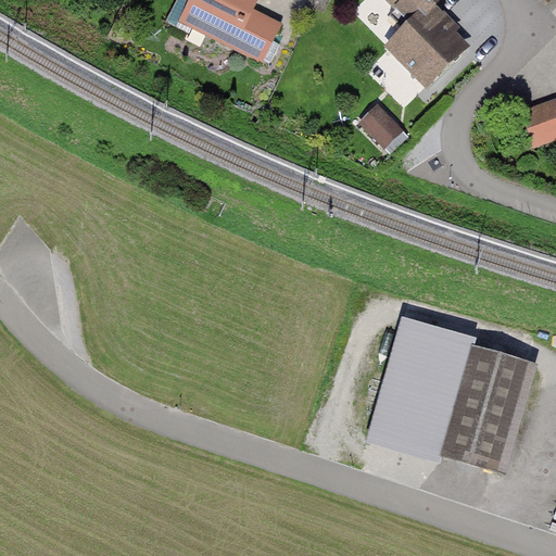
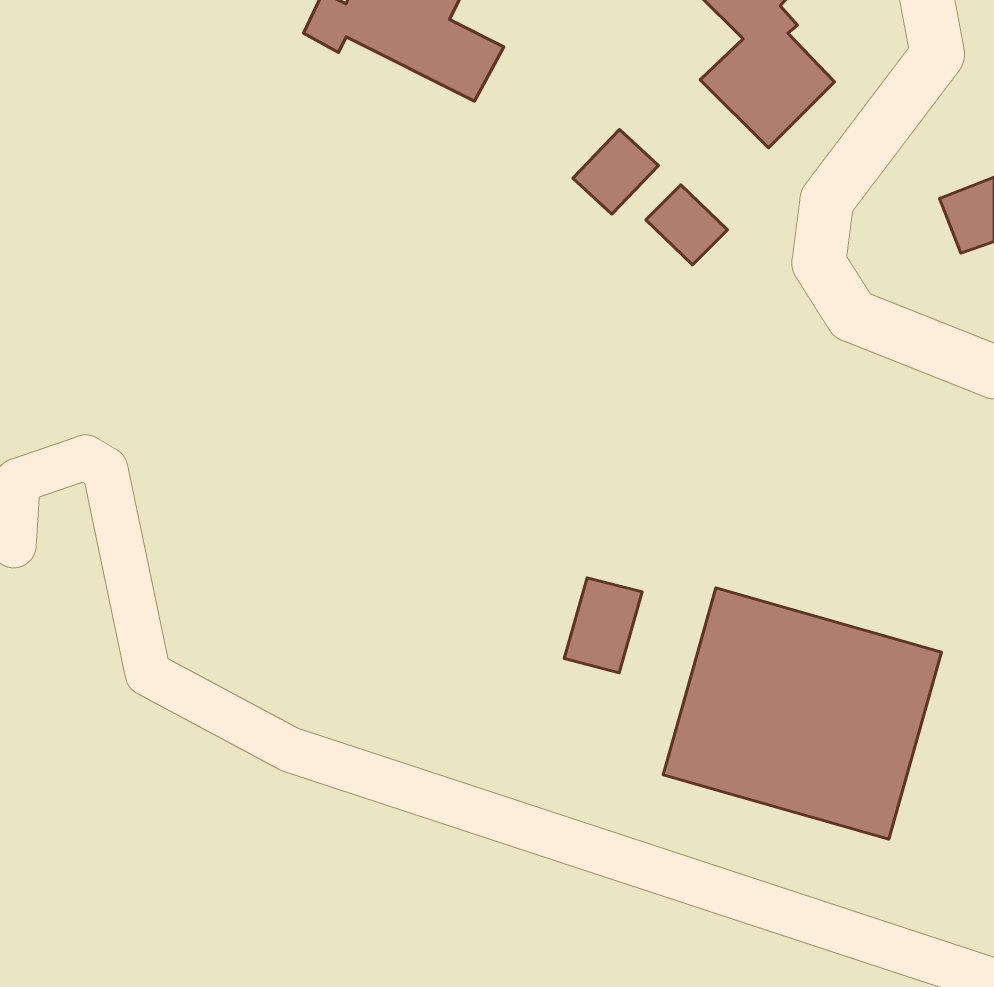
building: none -> [573,130,659,214]
building: none -> [564,578,642,673]

